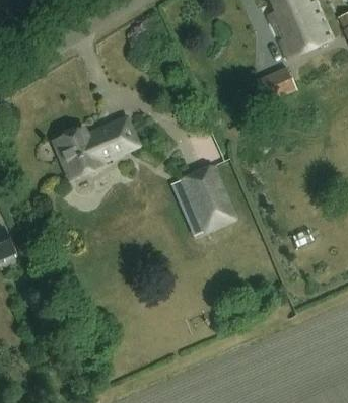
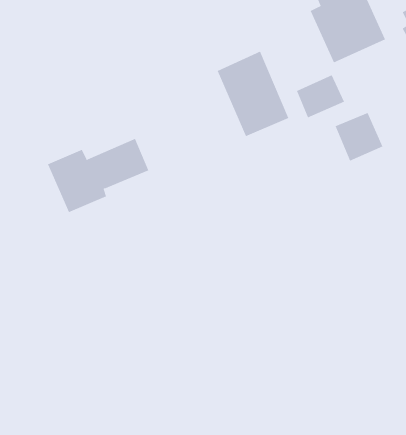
building: none -> [335,112,383,161]
building: [180,164,238,234] -> [217,51,289,137]

